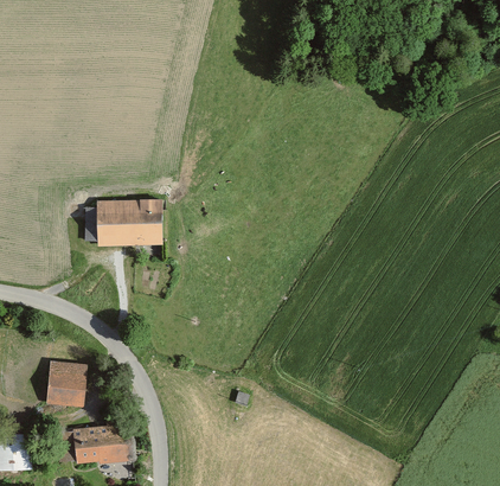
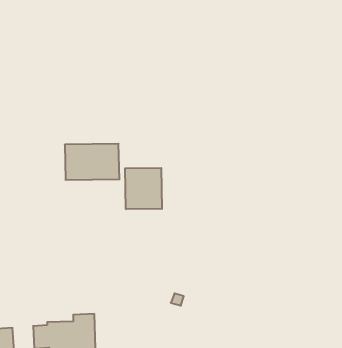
building: none -> [125,168,162,209]
building: [45,360,88,404] -> none

